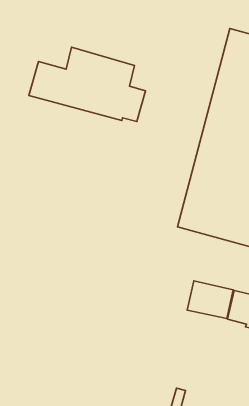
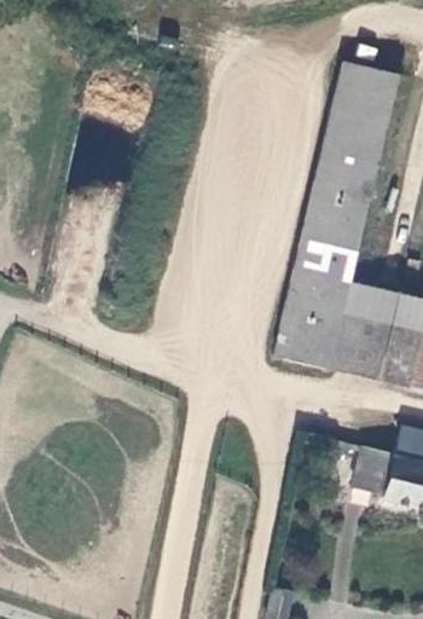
building: [29,47,145,121] -> none

